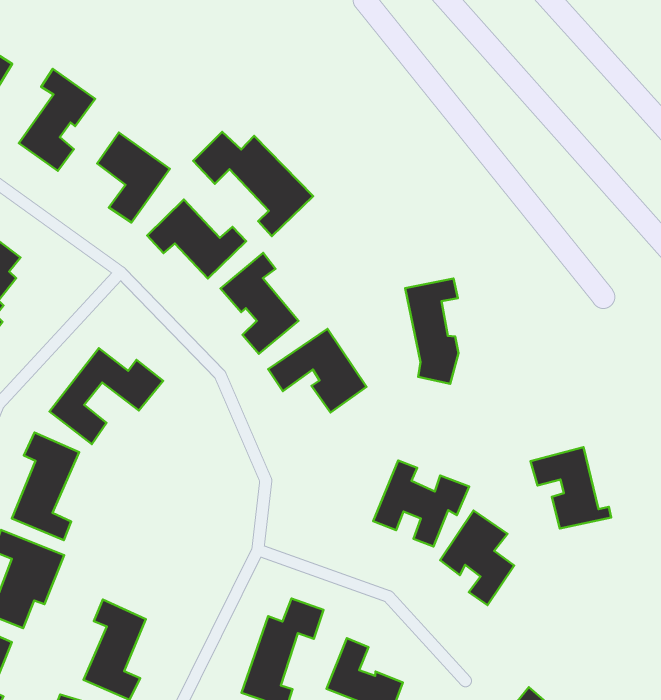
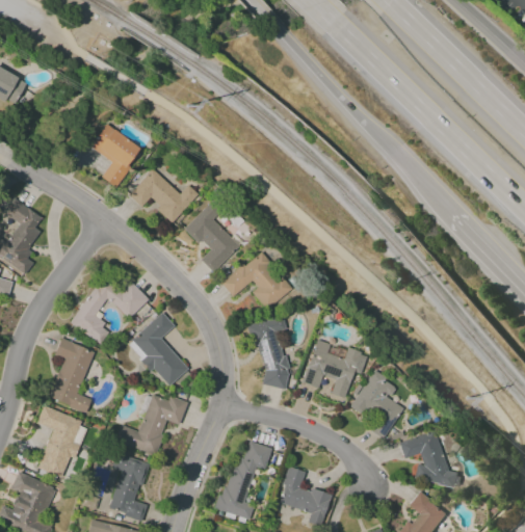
building: [19,69,95,171] -> none
building: [193,132,313,236] -> none
building: [405,278,458,384] -> [250,315,290,389]
building: none -> [129,313,189,388]
building: [530,447,611,529] -> [399,430,458,488]
building: none -> [117,395,187,454]

